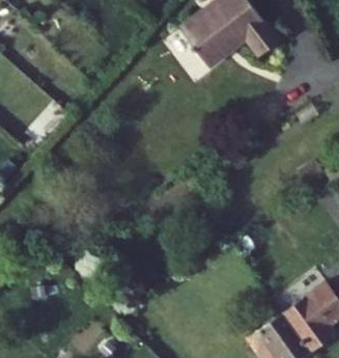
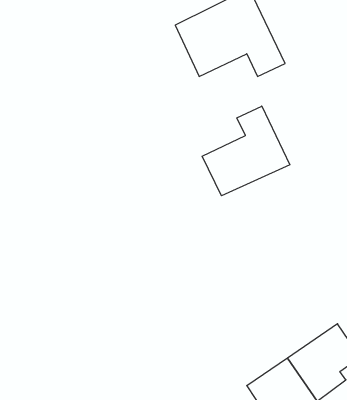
building: none -> [202,106,290,196]

